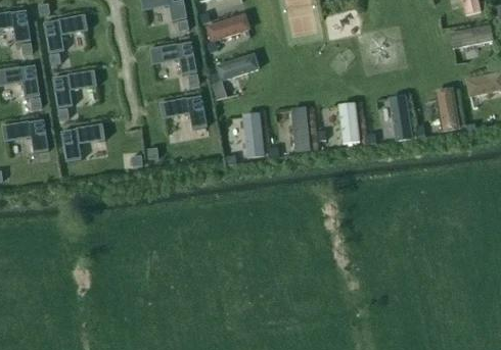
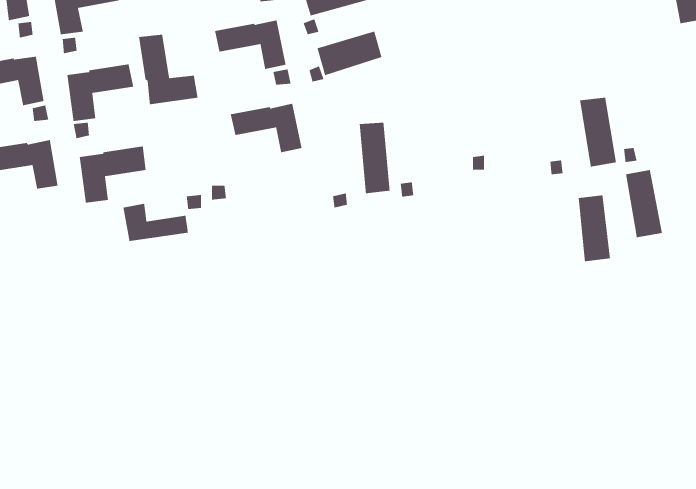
building: none -> [138,34,198,105]
building: [435,85,459,130] -> [625,169,663,238]
building: [337,99,359,143] -> [578,194,611,262]
building: [291,103,312,151] -> none
building: none -> [123,203,189,242]

